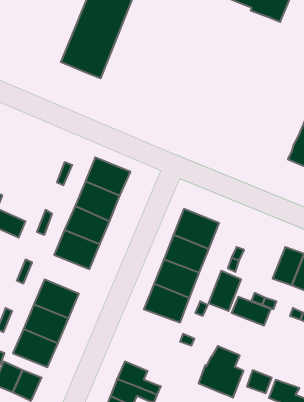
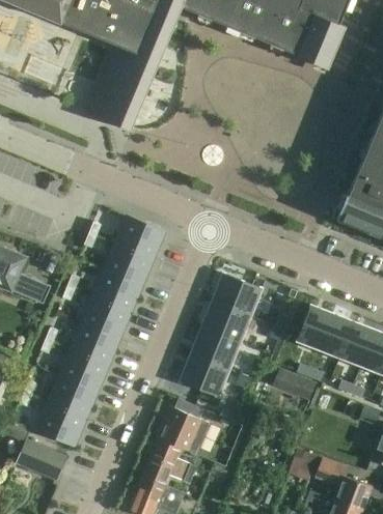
building: none -> [71,322,119,365]
building: [209,271,241,311] -> [297,305,332,348]
building: [199,346,244,398] -> [158,398,207,454]

